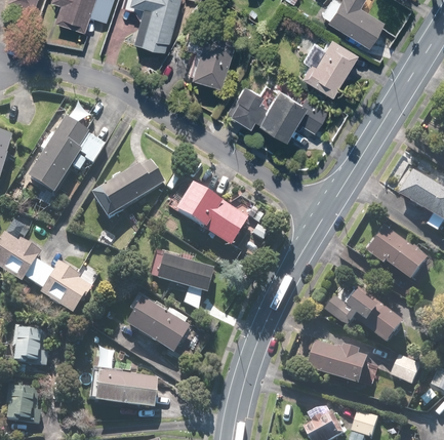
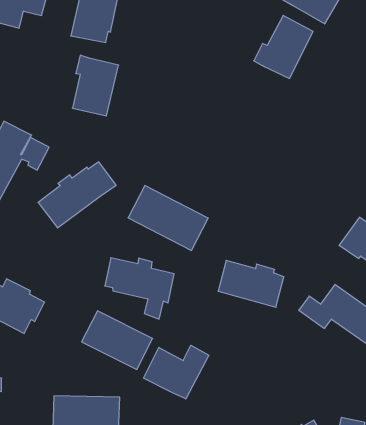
building: [190,28,235,85] -> [72,55,119,116]
building: [225,82,328,137] -> none
building: none -> [144,345,209,399]
building: [308,339,369,386] -> [218,260,284,307]

